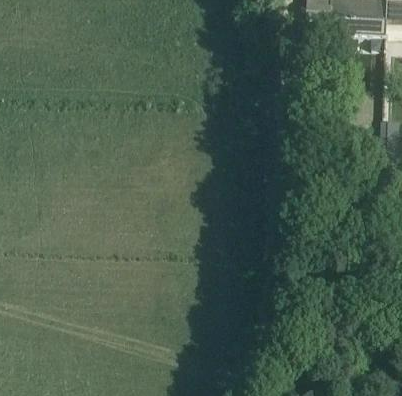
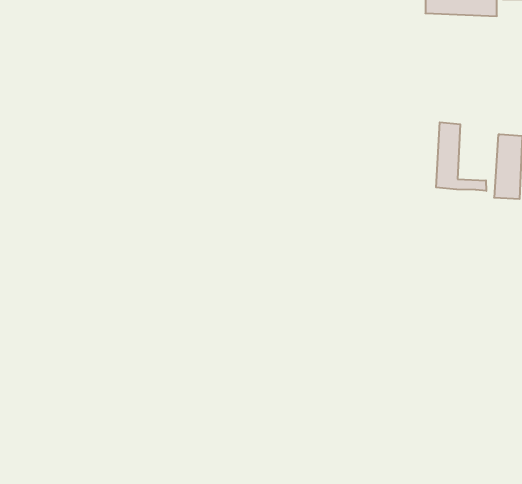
building: none -> [436,122,486,191]

